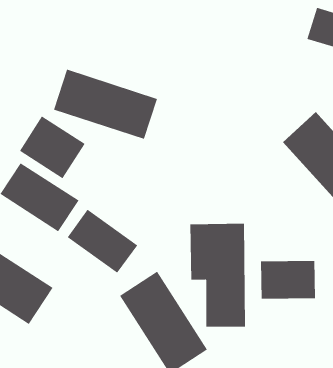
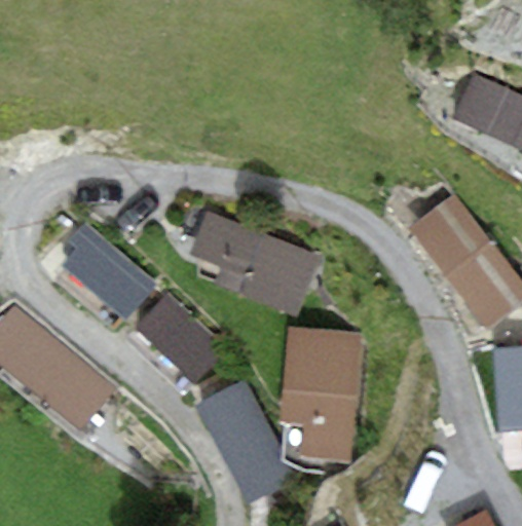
building: [53,69,158,139] -> [184,221,313,317]
building: [19,115,85,179] -> none
building: [260,260,315,300] -> none

